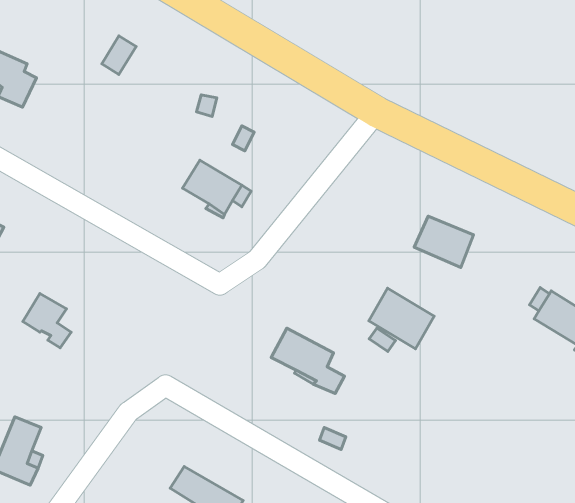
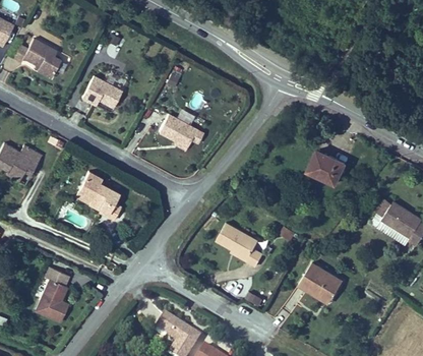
building: none -> [85,77,132,111]
building: [369,288,434,349] -> [298,261,341,301]
building: [23,293,71,348] -> [86,183,118,219]

